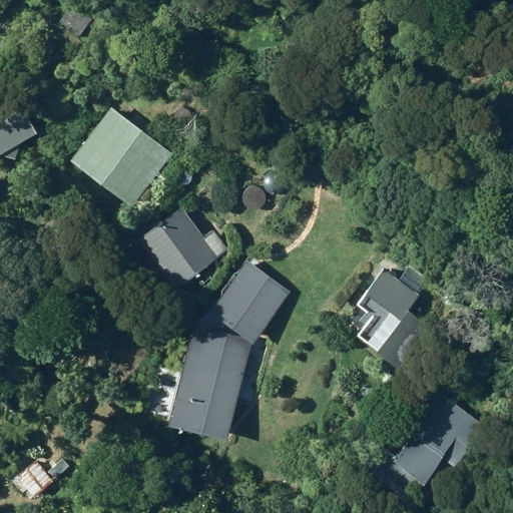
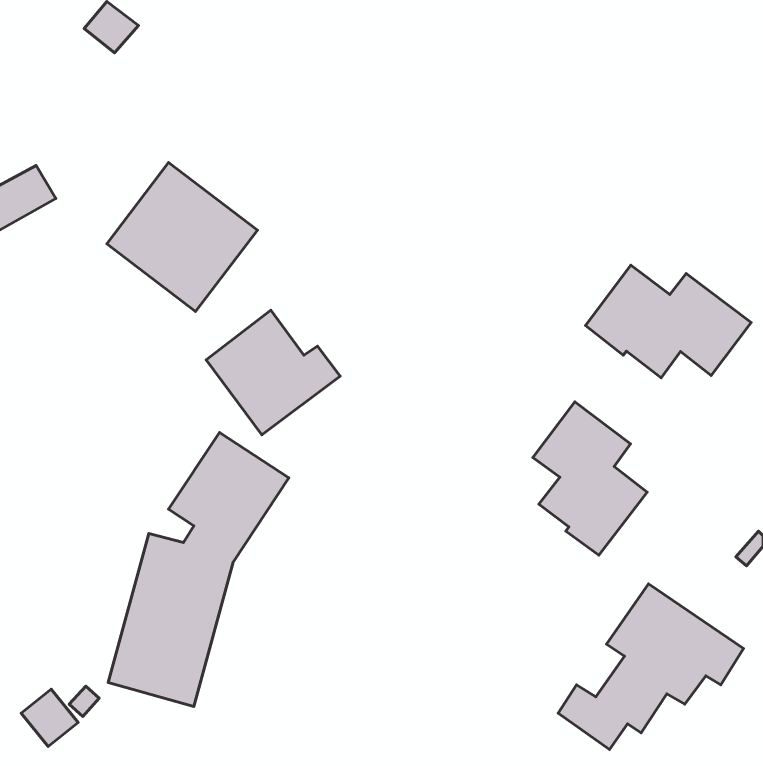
building: none -> [585,265,751,378]
building: [169,261,290,443] -> [108,433,289,706]

